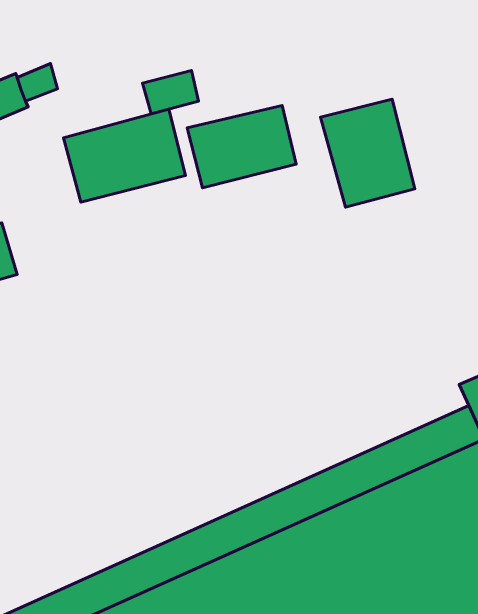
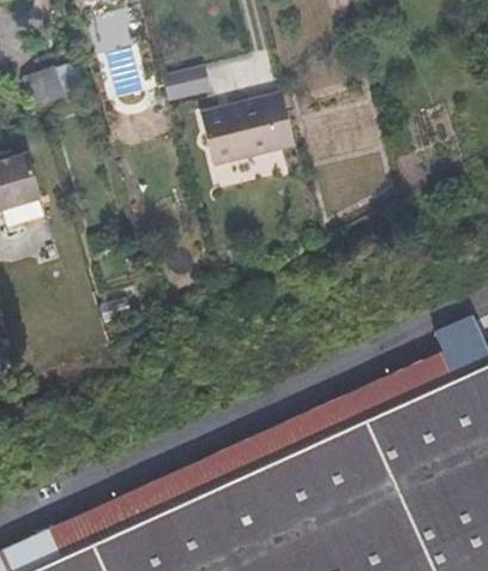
building: [320,99,415,207] -> none
building: [63,109,185,202] -> none

